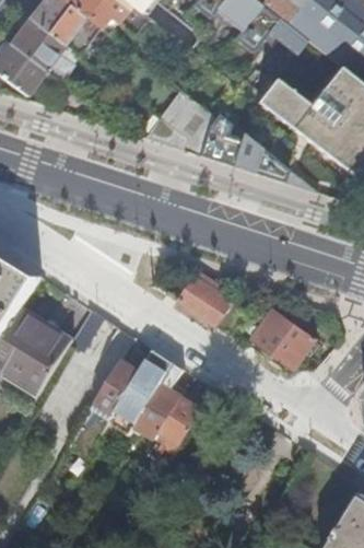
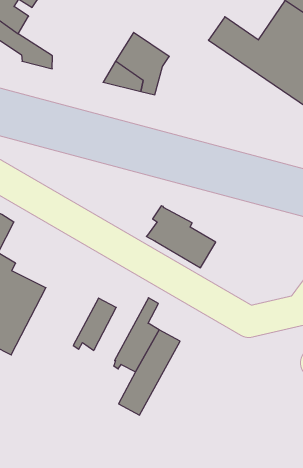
building: [196,109,316,191] -> none
building: [255,307,319,365] -> none
building: [113,347,175,436] -> none

